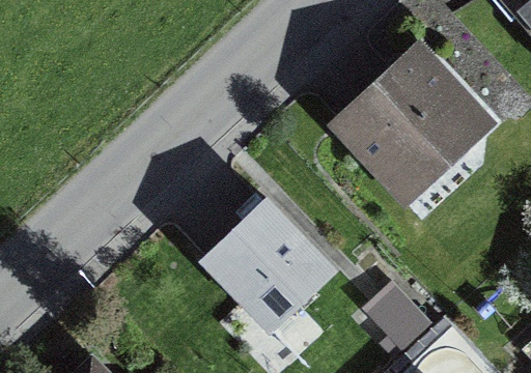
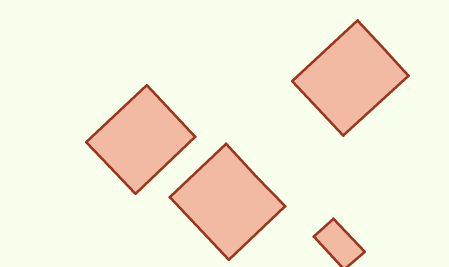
building: none -> [86,85,195,194]

